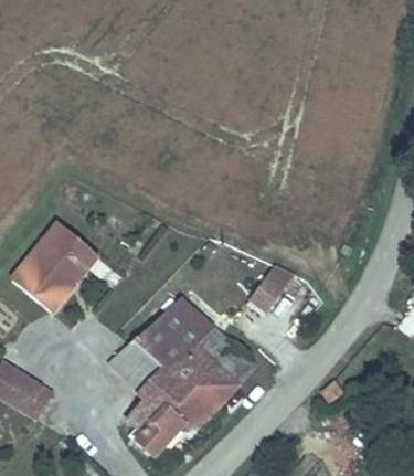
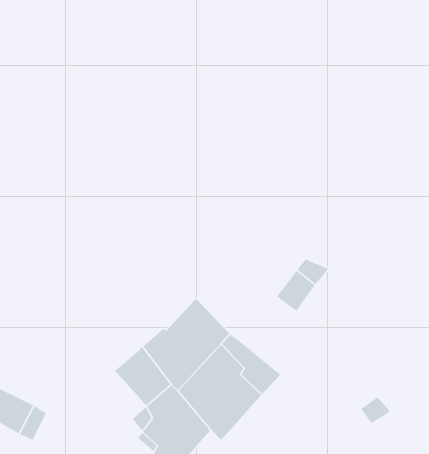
building: [17,224,98,310] -> none

